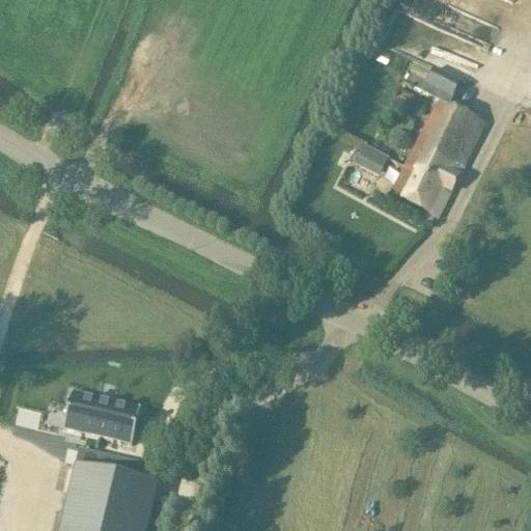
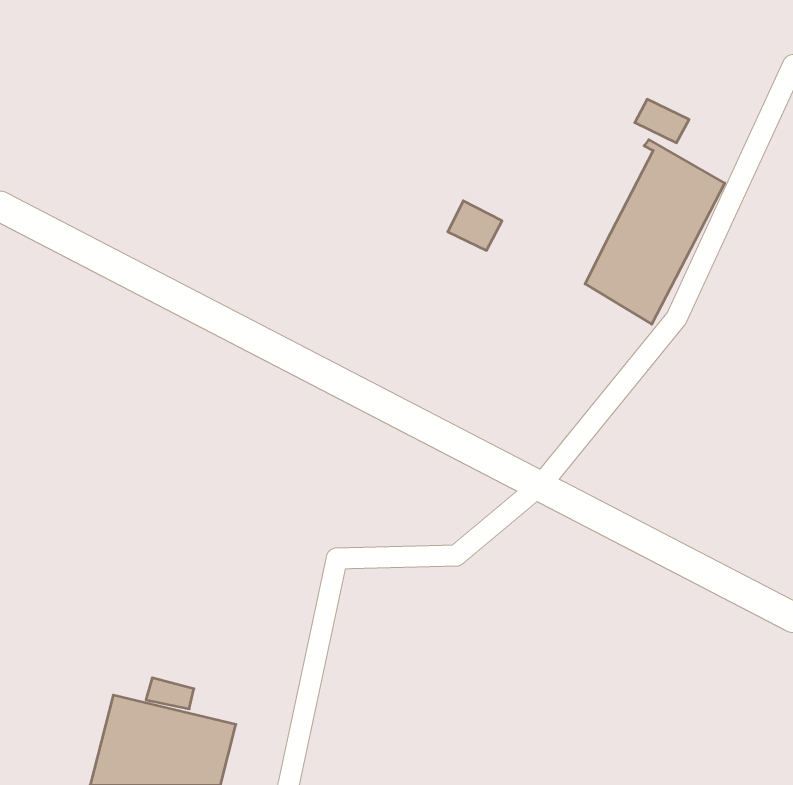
building: [350,142,386,175] -> [448,201,502,250]
building: [62,390,140,444] -> none

